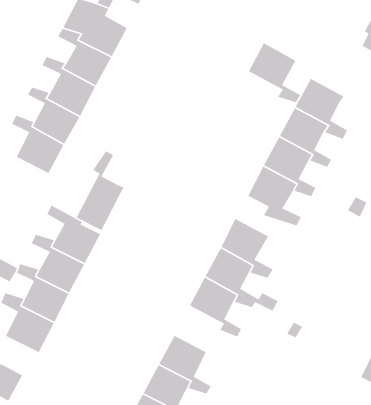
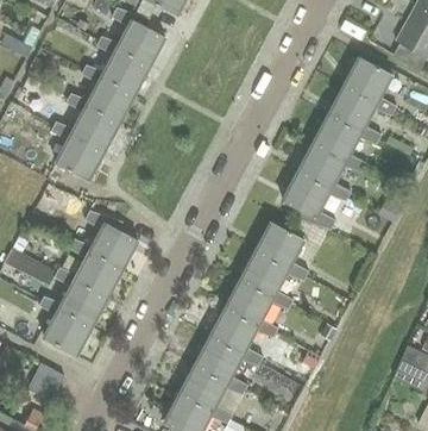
building: [248,42,301,103] -> [344,56,396,115]
building: [76,150,124,231] -> none
building: none -> [210,307,263,367]

